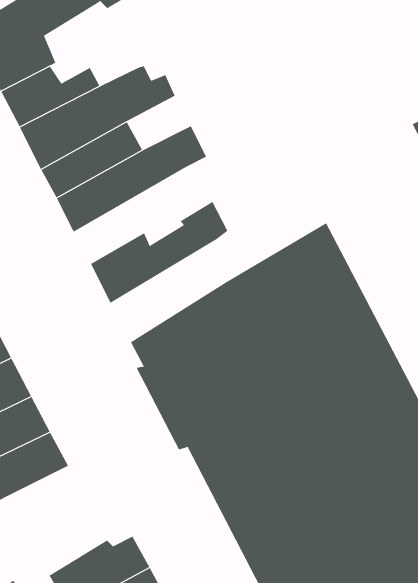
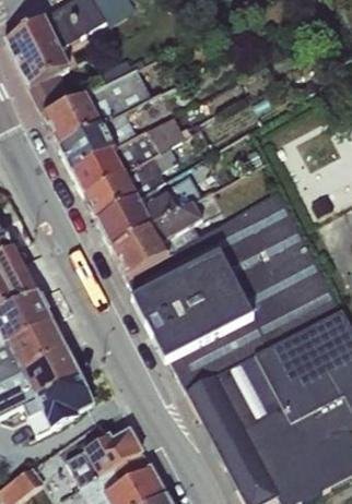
building: none -> [84,146,180,220]
building: none -> [113,202,206,280]
building: none -> [33,375,96,430]

